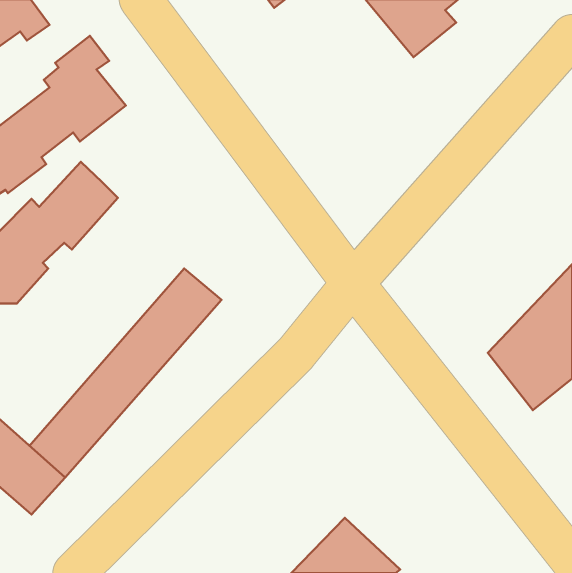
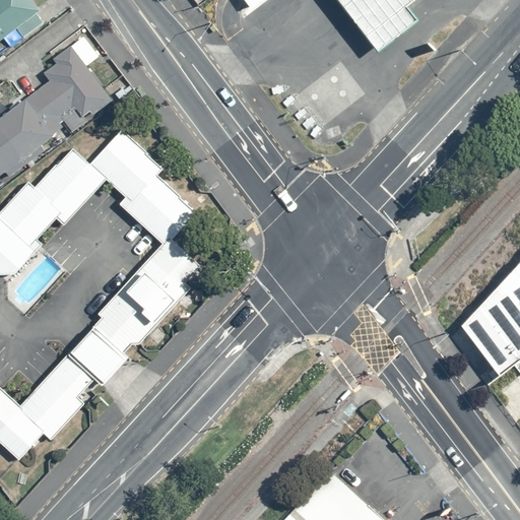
building: none -> [92,133,195,243]

